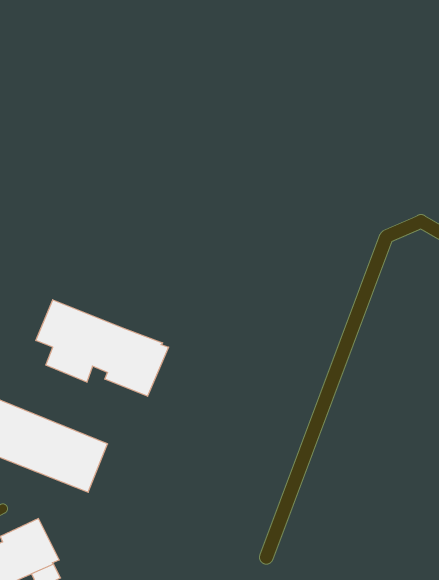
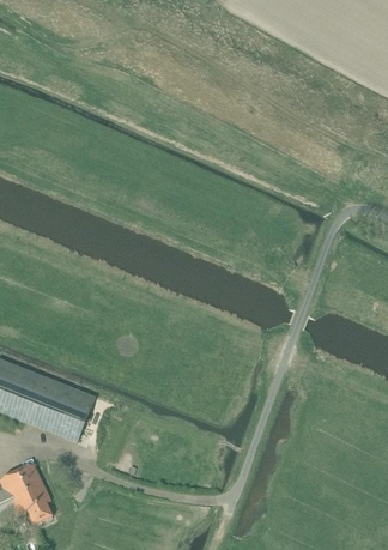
building: [36,300,169,396] -> none

